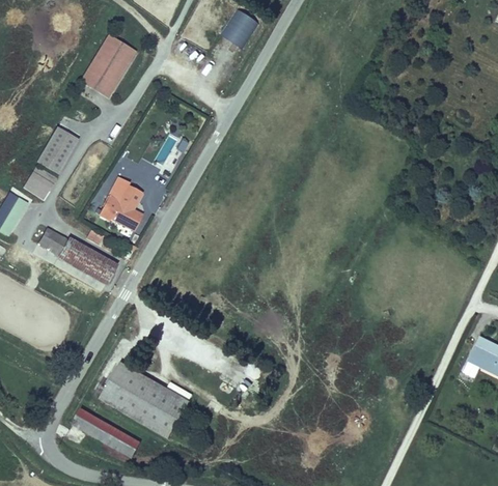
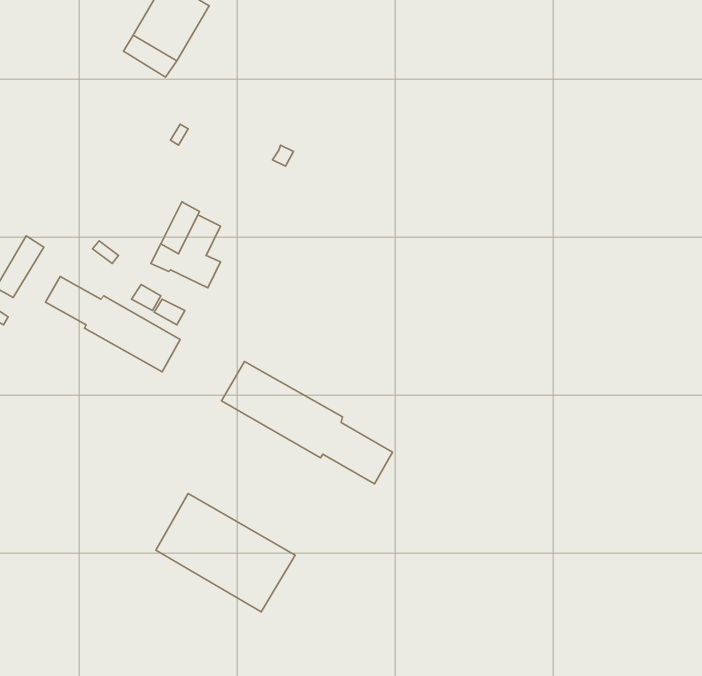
building: [36,126,79,174] -> none
building: [23,167,56,200] -> none
building: none -> [222,362,393,484]
building: [75,409,142,458] -> none

